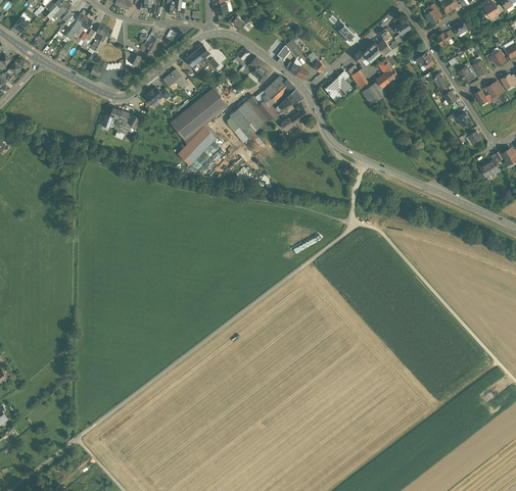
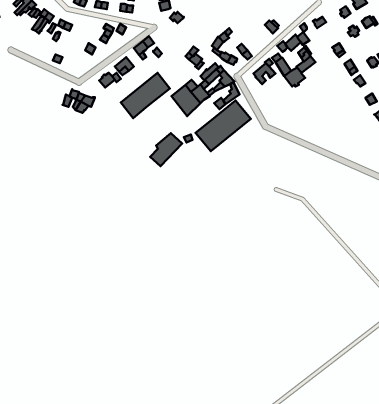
building: none -> [195,100,251,151]
building: [177,126,215,164] -> [150,133,182,166]

